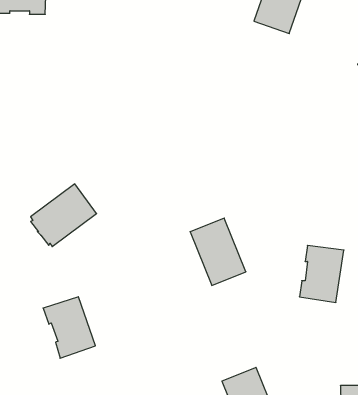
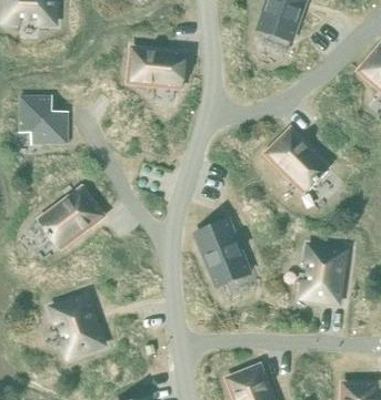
building: none -> [128,47,184,88]
building: none -> [20,95,67,143]
building: none -> [265,127,329,191]

